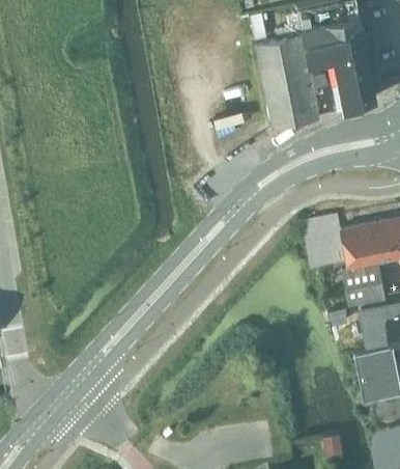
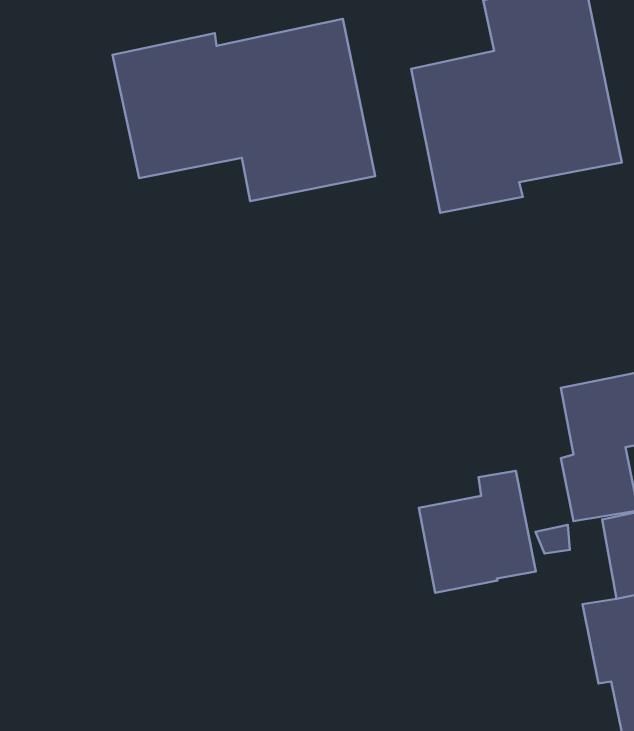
building: none -> [113,19,375,201]
building: none -> [419,471,536,593]

